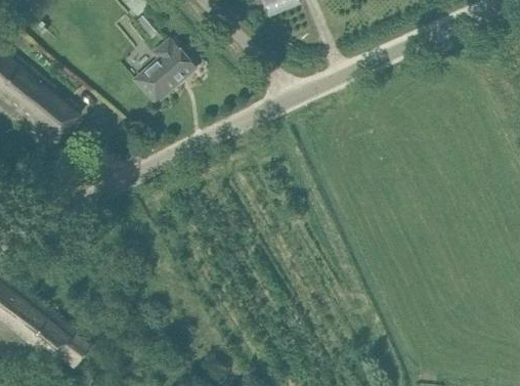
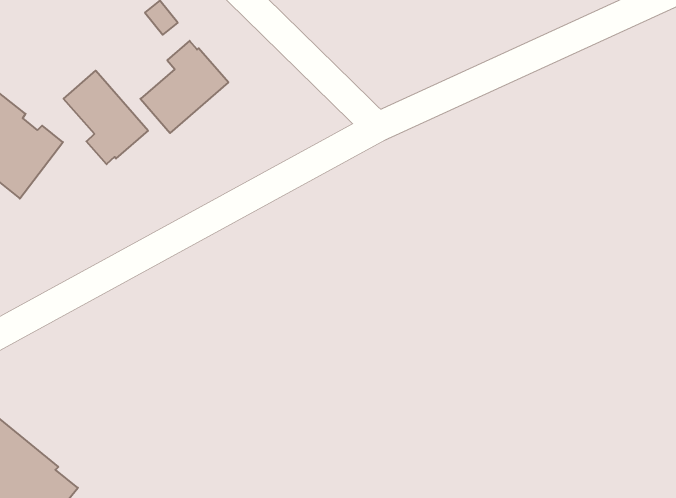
building: none -> [64,71,148,164]

